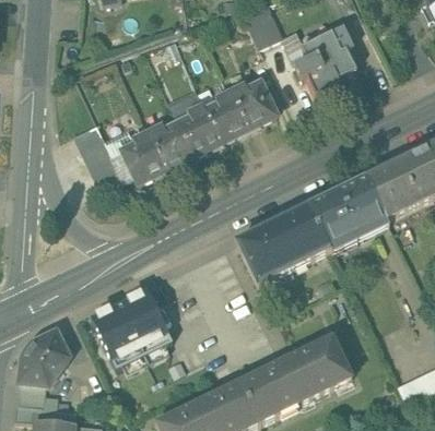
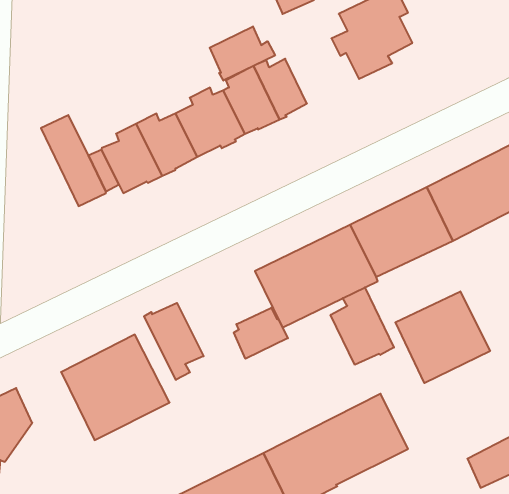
building: none -> [210,26,275,81]
building: none -> [331,287,394,365]
building: none -> [395,291,490,383]
building: none -> [144,303,204,380]
building: none -> [234,308,288,359]

